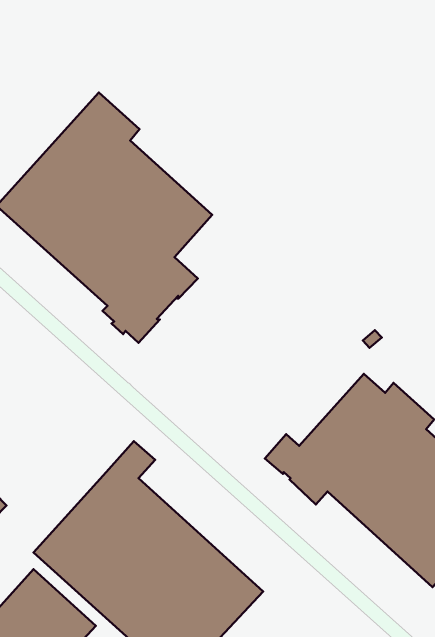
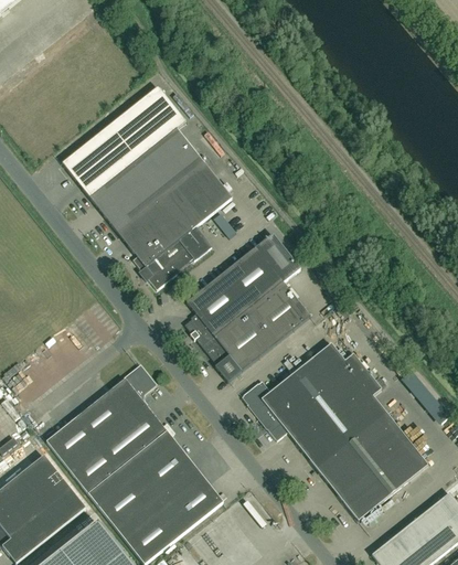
building: none -> [185,233,311,382]

